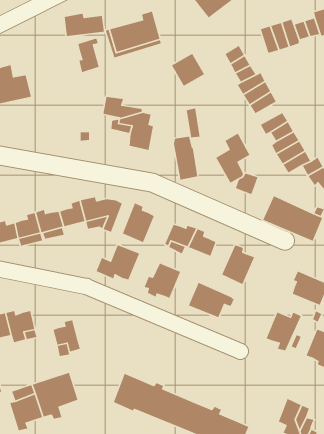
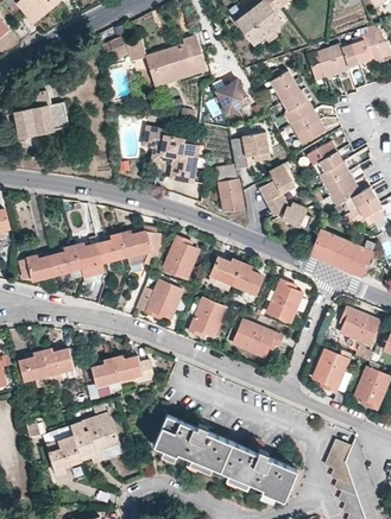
building: [78,38,100,73] -> none
building: none -> [240,131,267,167]
building: none -> [112,355,152,381]

